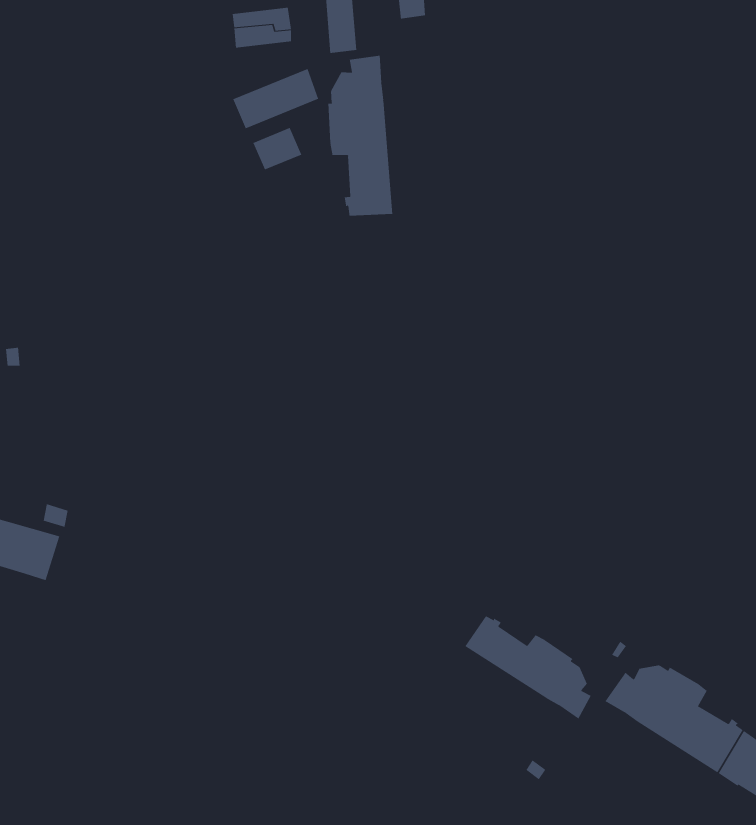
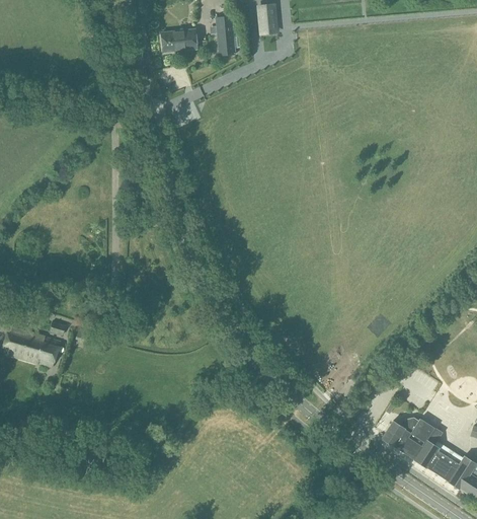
building: [328,55,393,216] -> none
building: [233,68,319,129] -> none
building: [464,615,592,719] -> none

